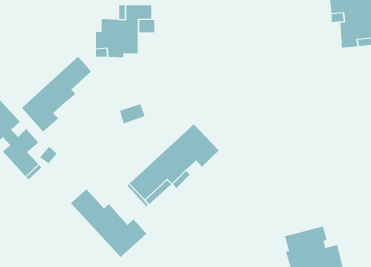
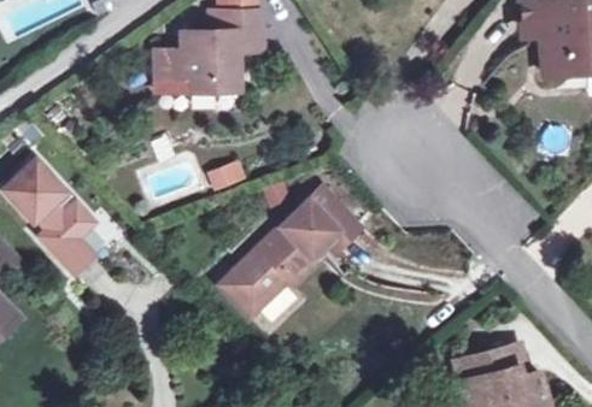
building: [21,56,92,133] -> none
building: [70,188,147,258] -> none

